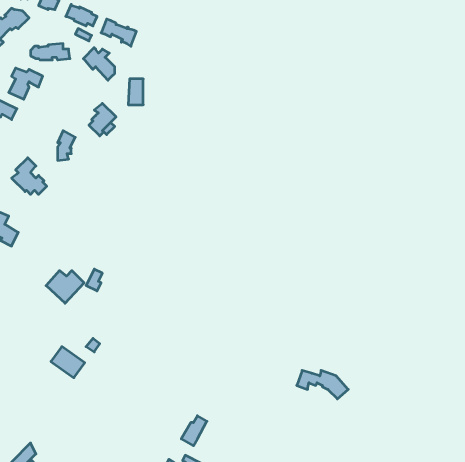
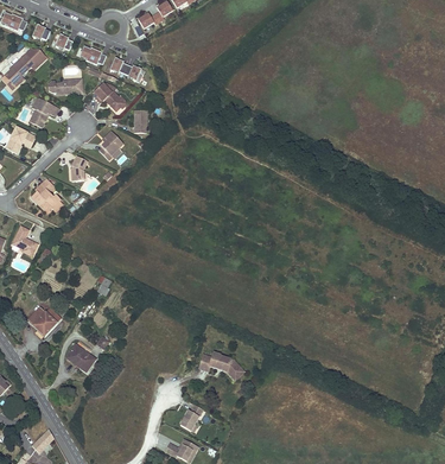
building: [46,271,84,303] -> [27,306,61,335]
building: [297,370,348,399] -> [198,354,243,379]

